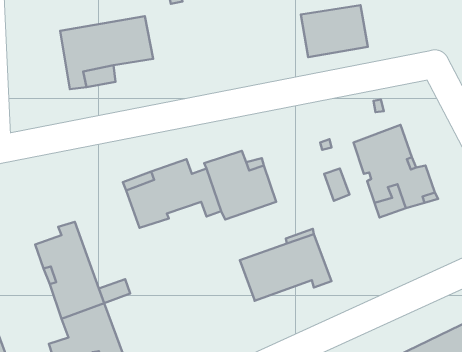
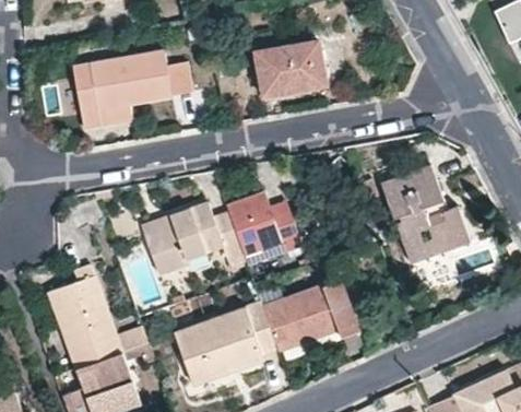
building: [301,5,368,57] -> [257,42,327,96]
building: none -> [176,303,279,382]

